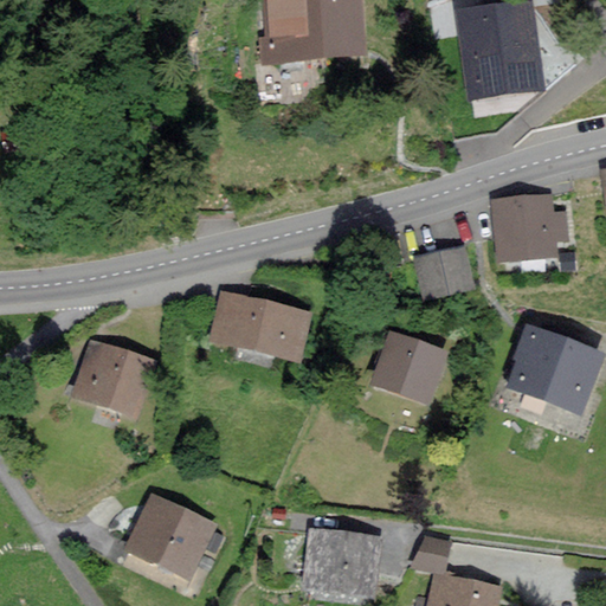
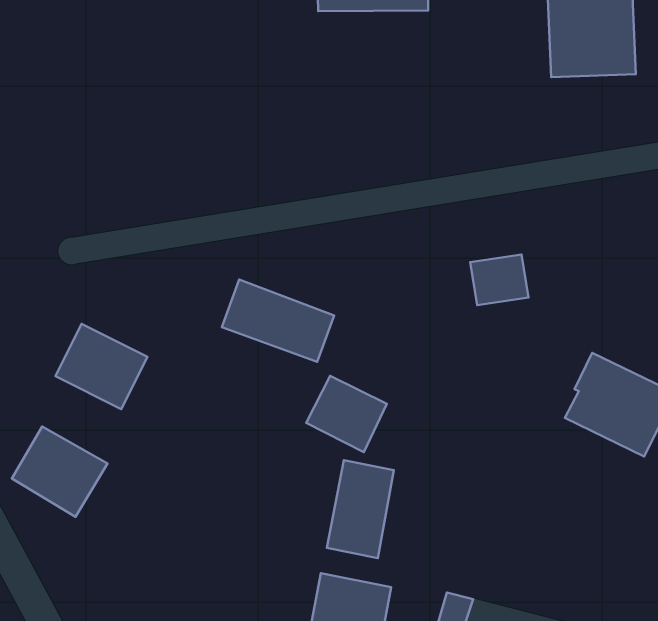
building: [497,198,565,256] -> none
building: [376,334,443,395] -> [306,376,387,452]
building: none -> [327,460,394,558]
building: [134,498,213,572] -> [12,426,107,517]

